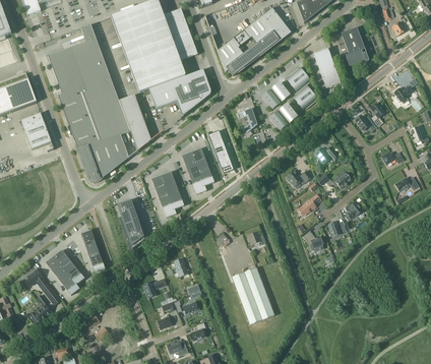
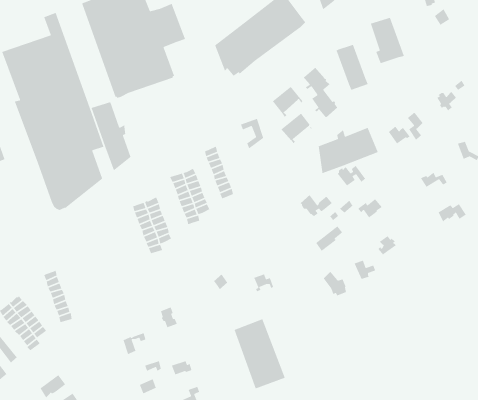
building: [148,72,210,120] -> none
building: none -> [318,127,379,174]
building: [116,199,144,248] -> none

